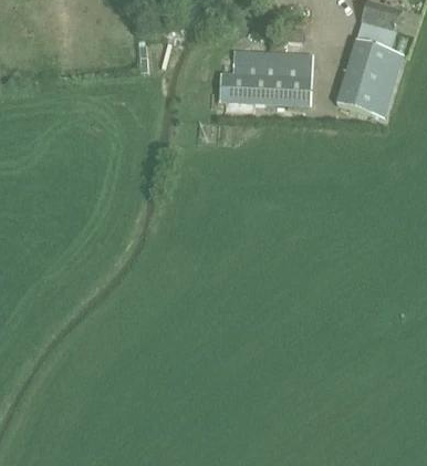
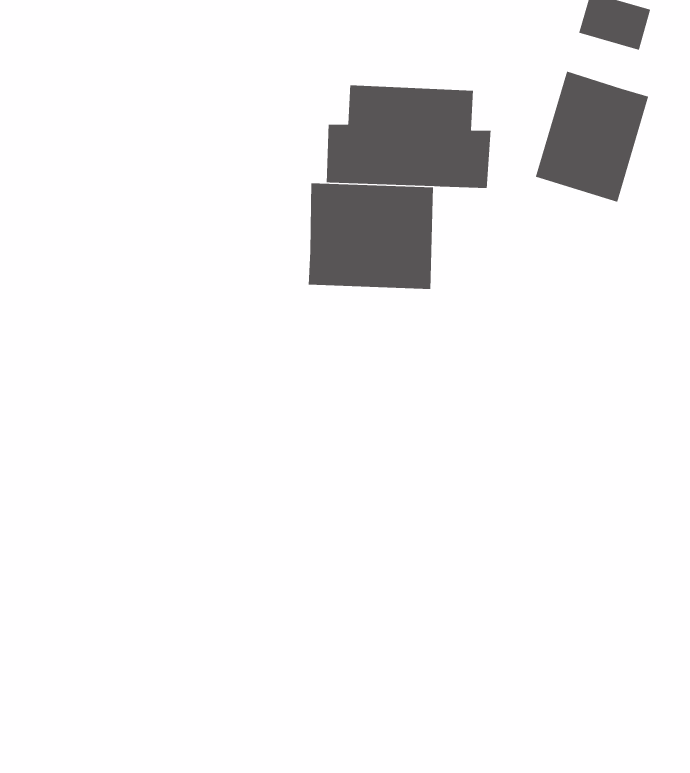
building: [355,22,392,50] -> none
building: none -> [308,182,434,290]

